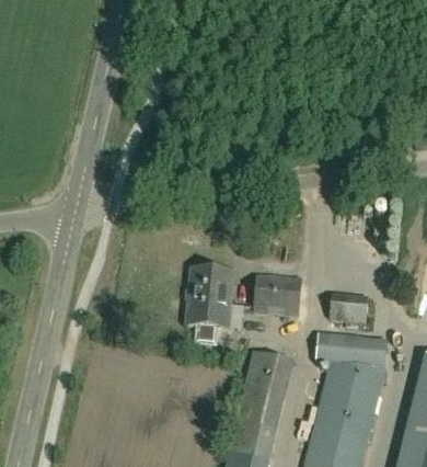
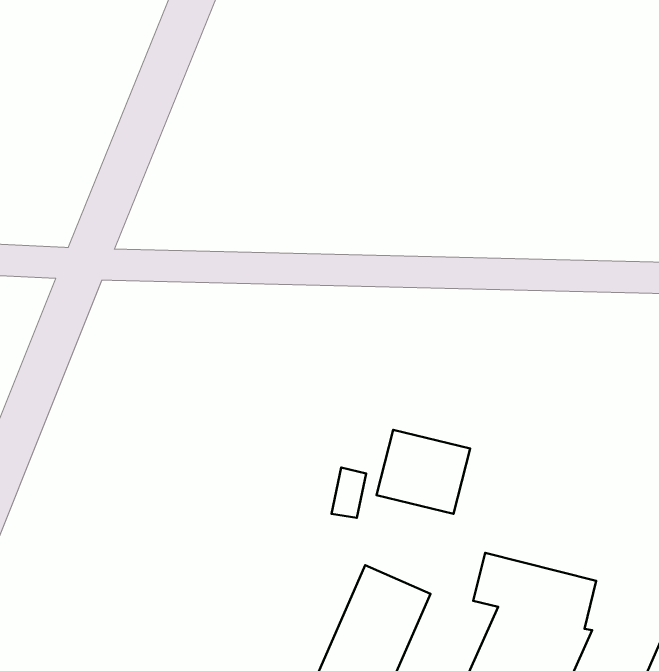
building: [185,267,233,345] -> none
building: [330,294,367,322] -> none

